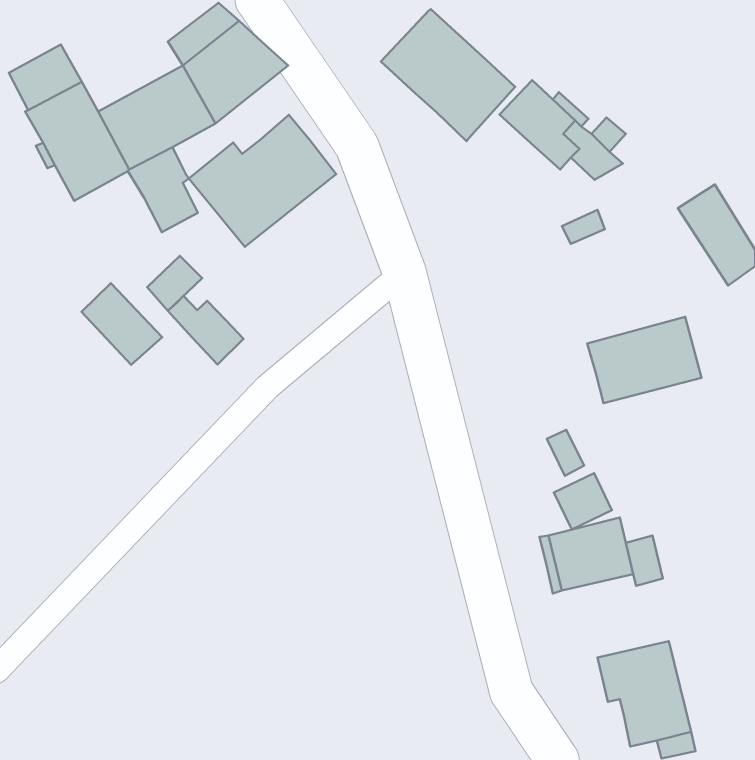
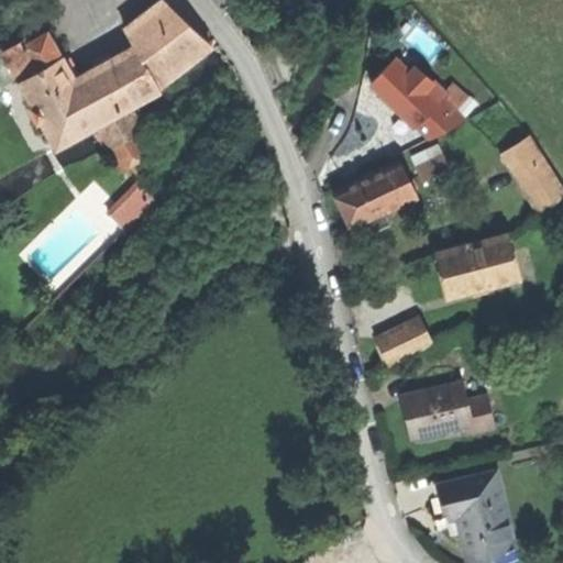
building: [381,9,515,141] -> none
building: [189,115,336,247] -> none
building: none -> [331,162,416,231]
building: [81,283,162,365] -> none
building: [168,296,243,364] -> none
building: [554,473,612,530] -> [375,324,418,366]

